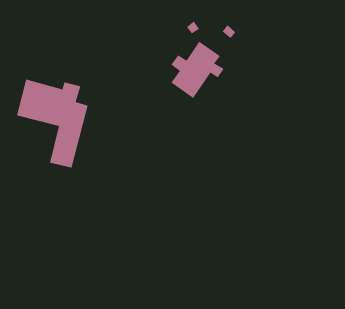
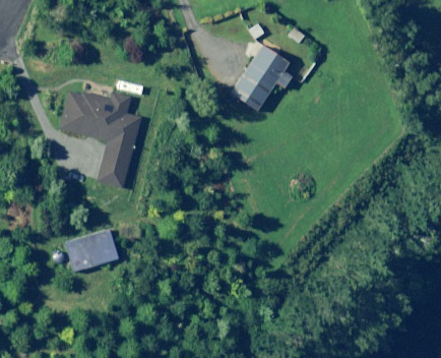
building: none -> [66,229,119,272]

